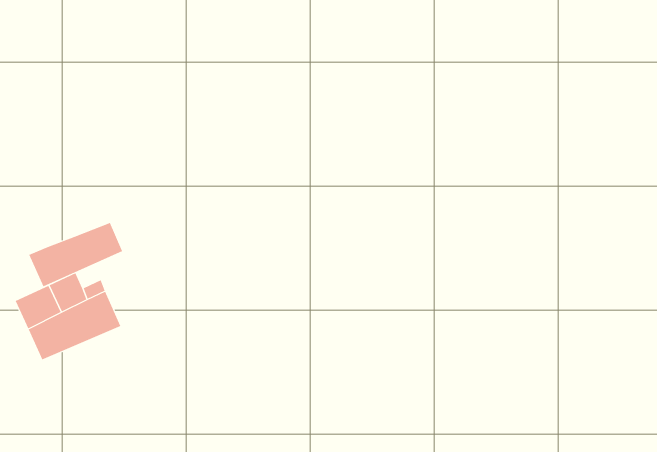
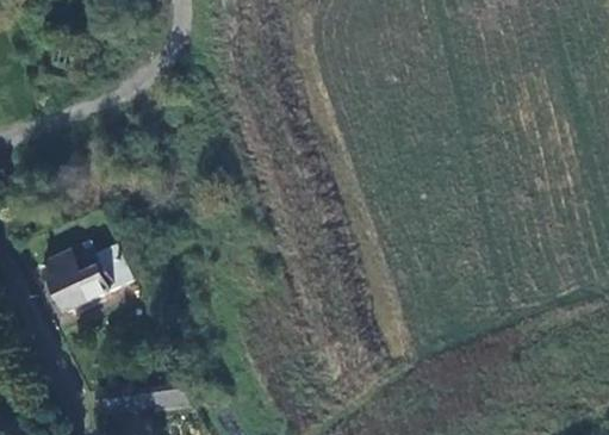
building: [29,222,123,287] -> none

